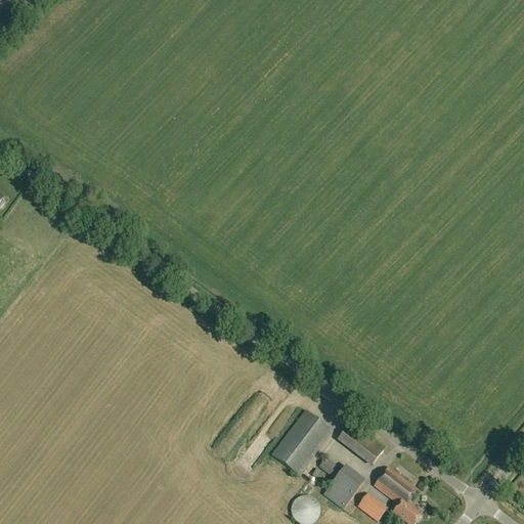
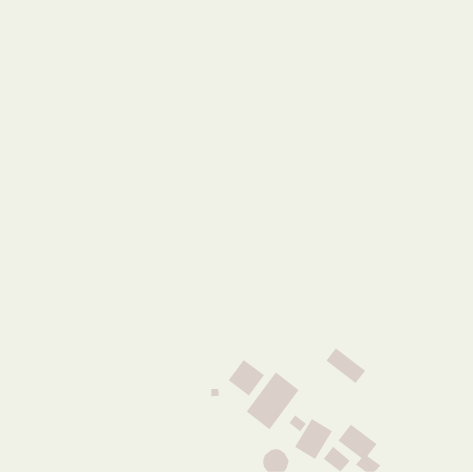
building: none -> [228,359,265,396]
building: [338,423,383,463] -> [325,348,366,384]

